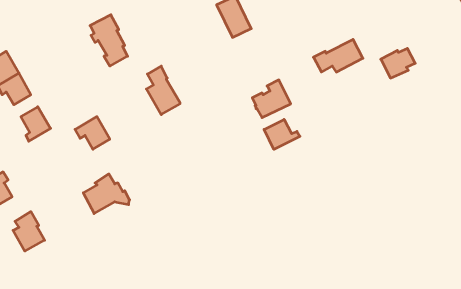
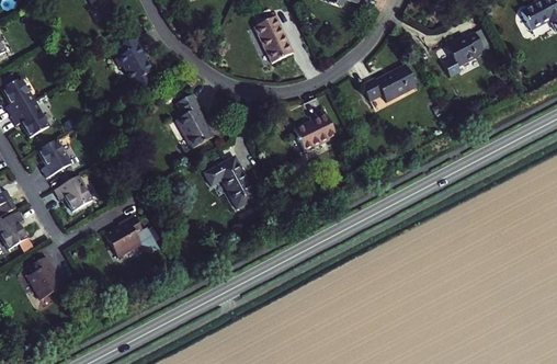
building: [381,48,415,78] -> [446,34,485,67]
building: [75,117,110,149] -> [54,175,92,212]
building: [264,119,300,149] -> none
building: none -> [205,157,257,208]

